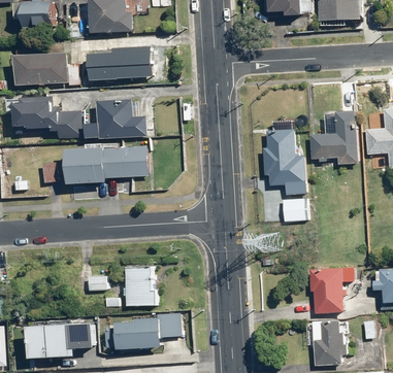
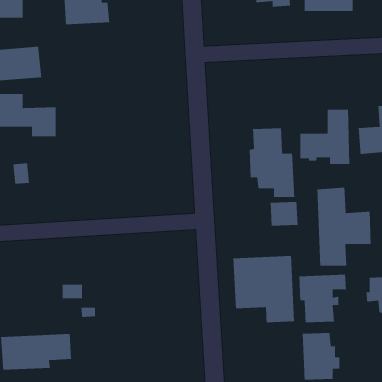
building: [84,44,150,77] -> none
building: [84,100,149,137] -> none
building: [63,144,149,185] -> none
building: none -> [316,187,371,267]
building: none -> [233,255,295,323]
building: [125,266,155,305] -> none
building: [103,311,178,348] -> none

